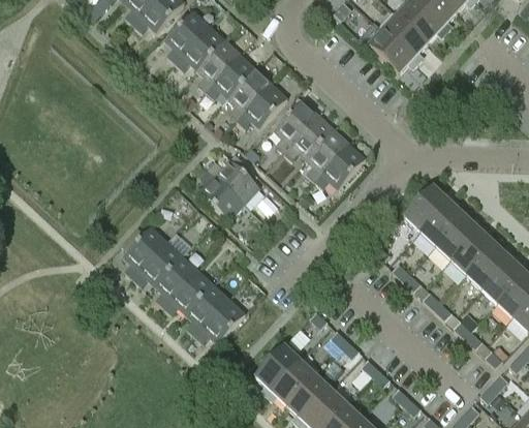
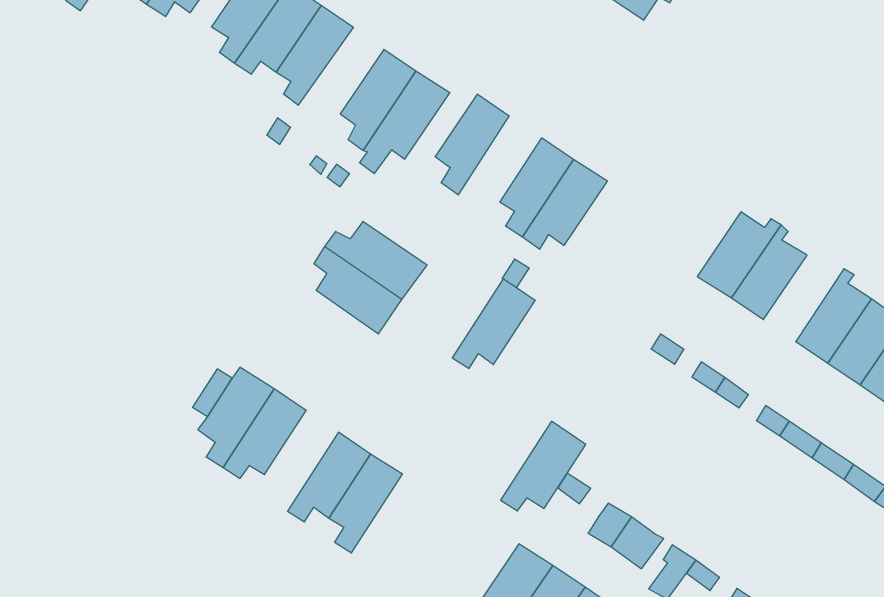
building: [204,53,254,98] -> none
building: [282,114,332,159] -> [452,279,535,368]
building: [436,214,484,259] -> none
building: [154,255,197,308] -> none
building: [194,298,245,344] -> [501,421,586,511]

